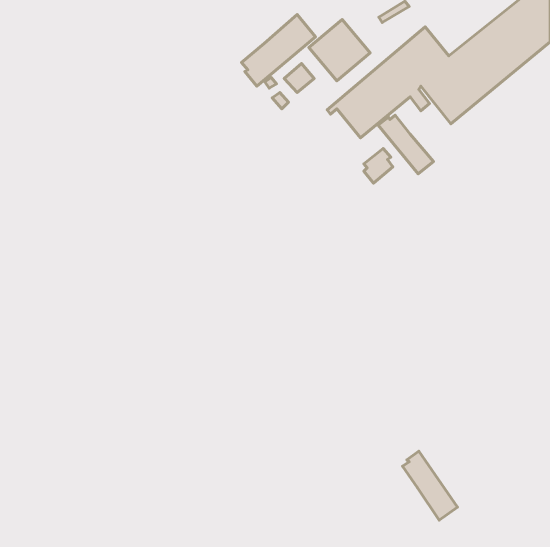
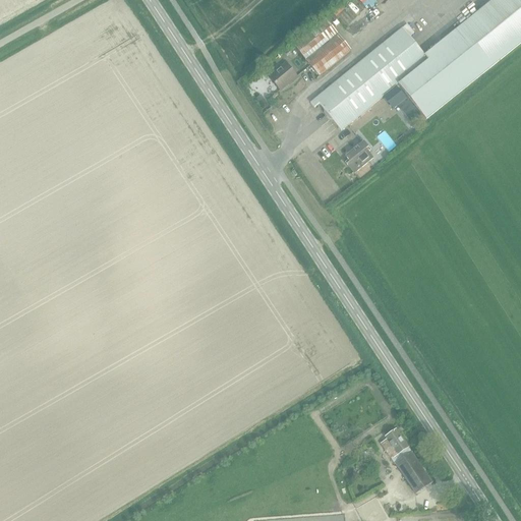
building: [241,15,316,86] -> none
building: [378,115,434,174] -> none

